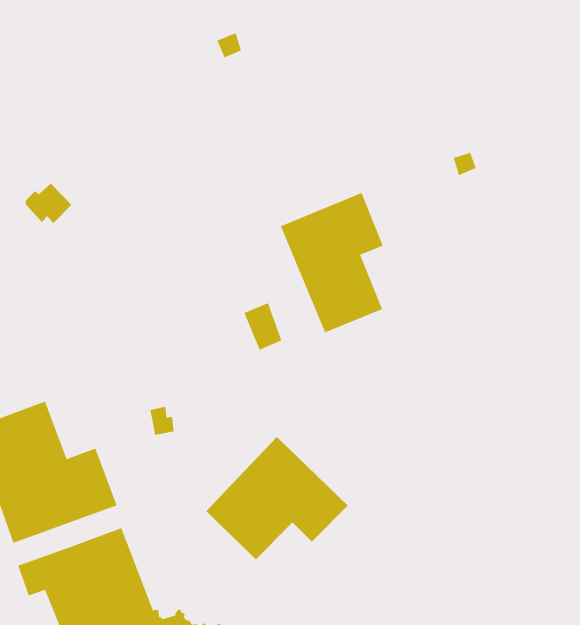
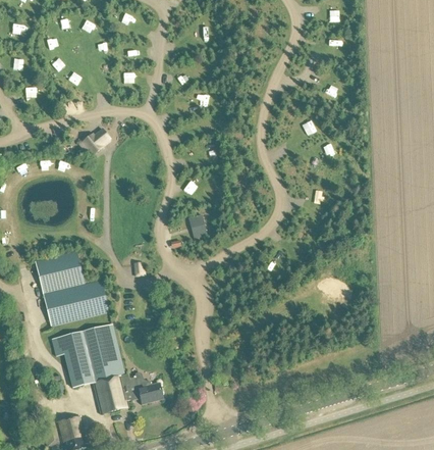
building: [280,192,384,333] -> none
building: [206,436,348,560] -> none

